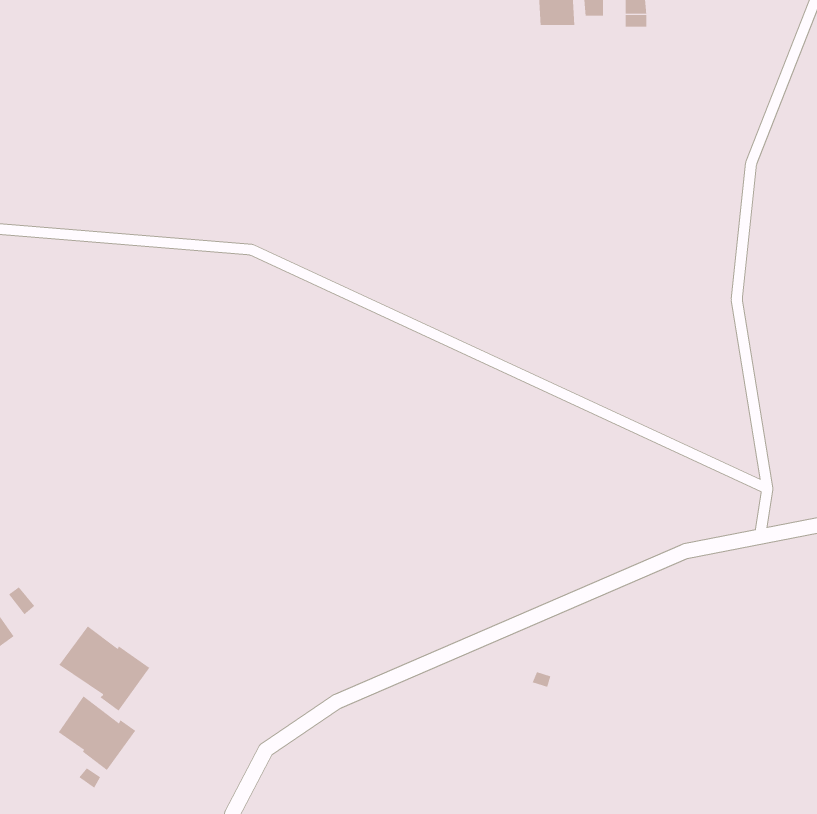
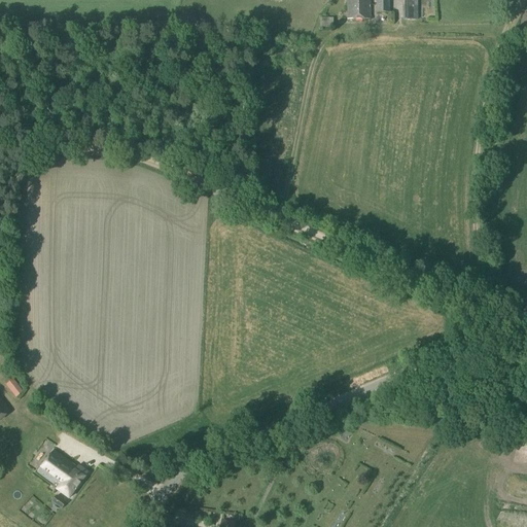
building: [58,626,150,711] -> none

